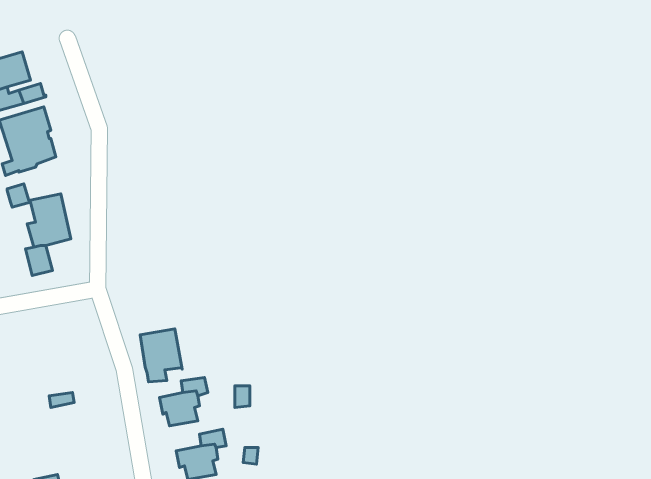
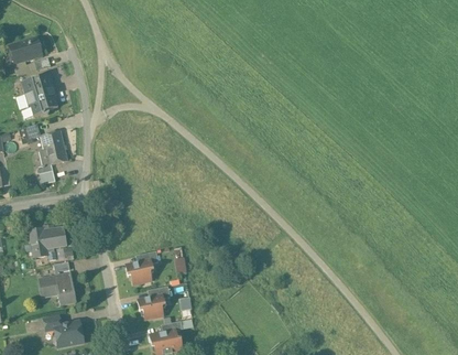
building: [140,329,182,382] -> none
building: none -> [29,226,65,256]
building: none -> [37,272,76,304]

